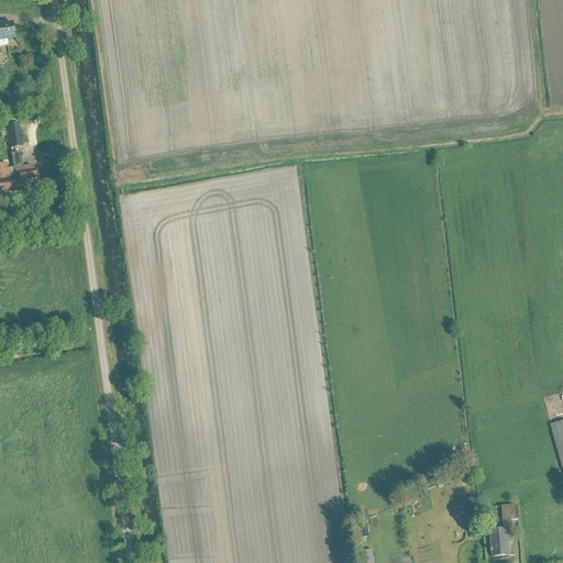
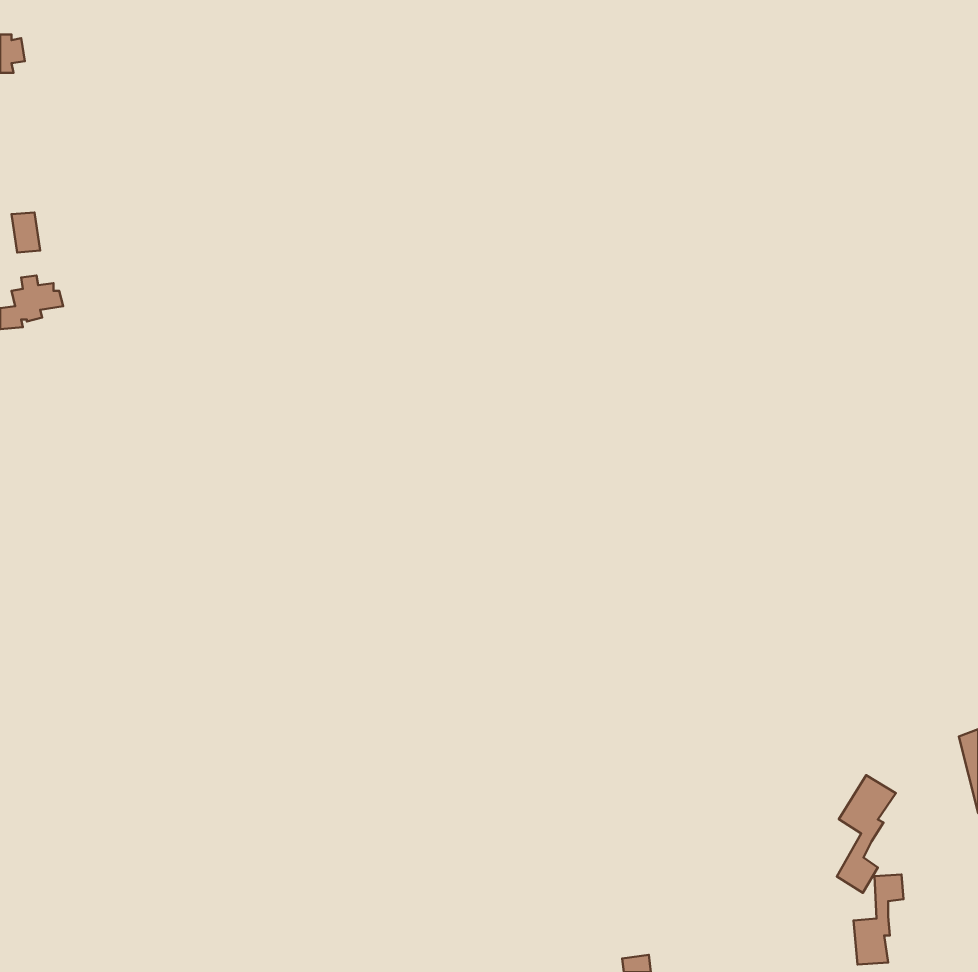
building: none -> [837,775,896,893]

